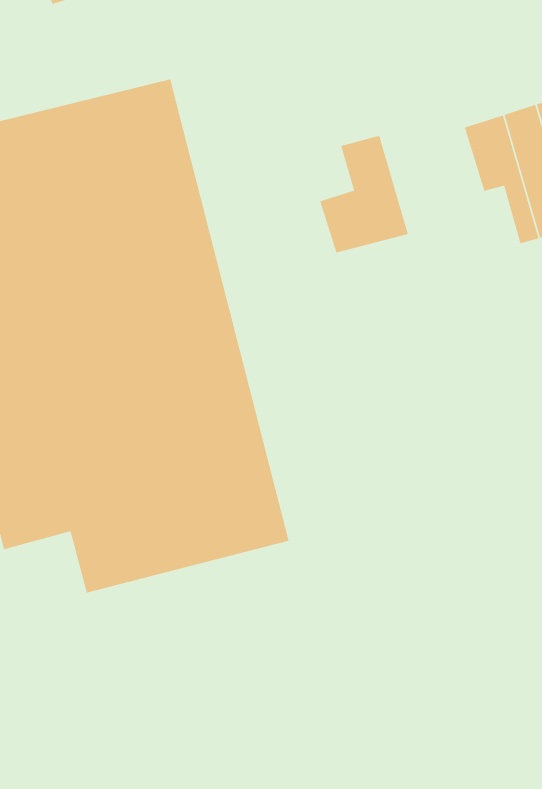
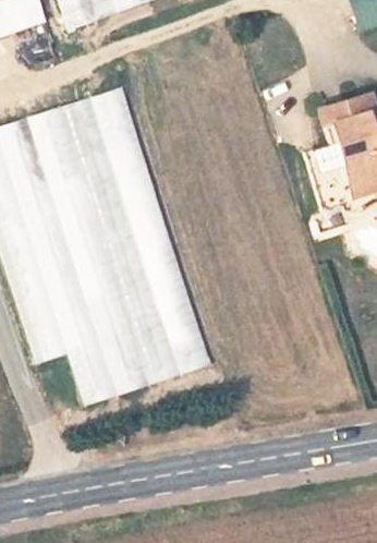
building: [319,135,409,253] -> none

